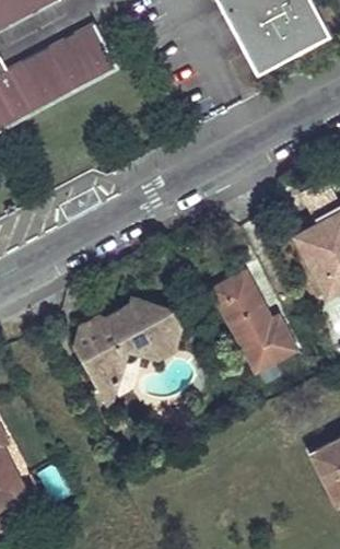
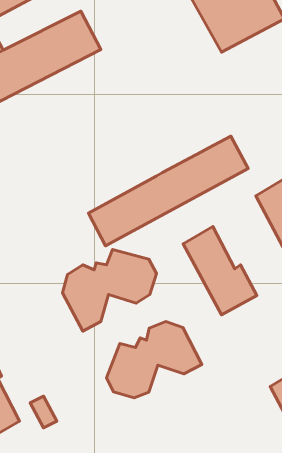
building: none -> [88,136,248,246]
building: none -> [107,321,202,398]

